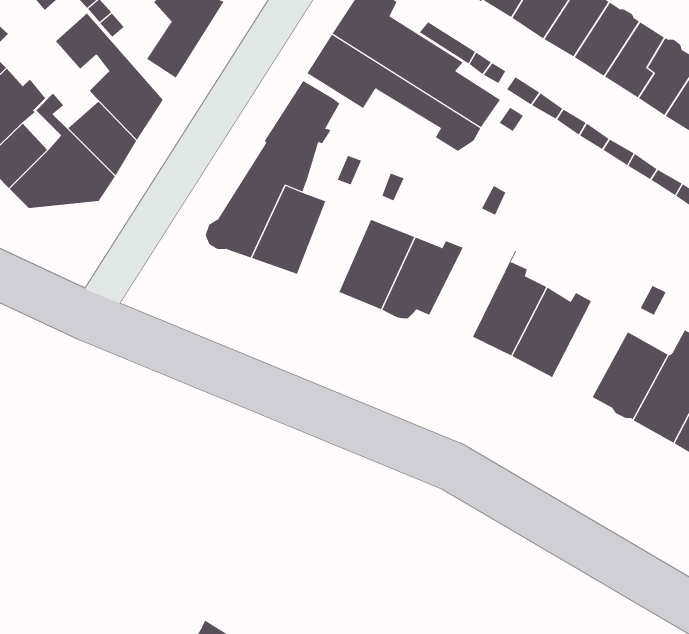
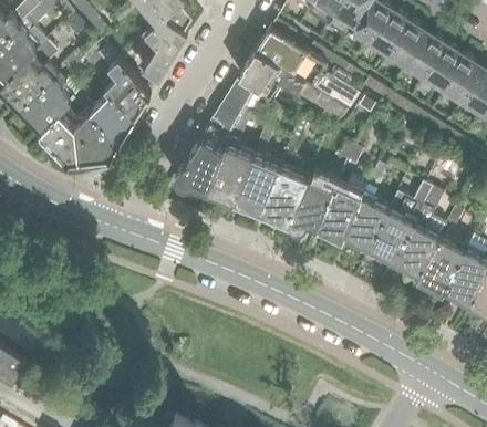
building: none -> [234,156,279,212]
building: none -> [315,178,369,240]
building: none -> [392,184,445,278]

